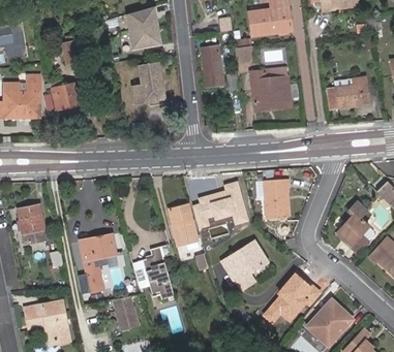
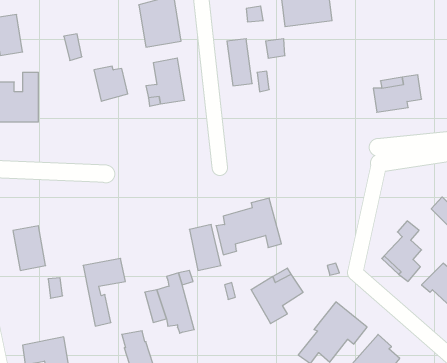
building: [250,67,292,109] -> none
building: [50,79,79,109] -> [94,66,128,101]
building: [265,180,290,219] -> none

